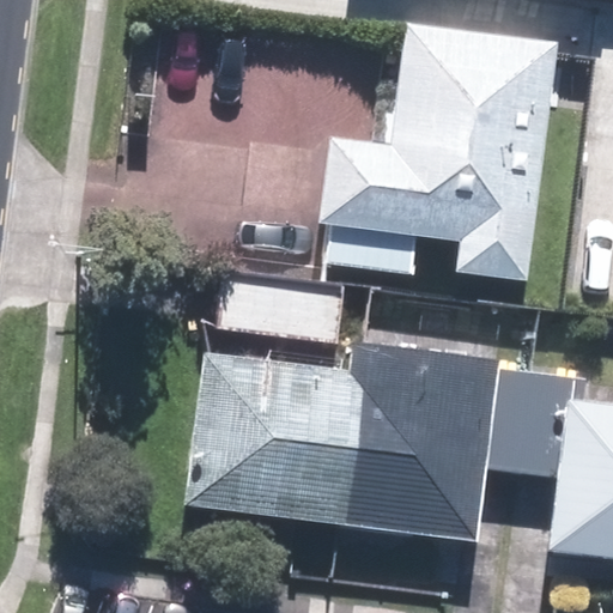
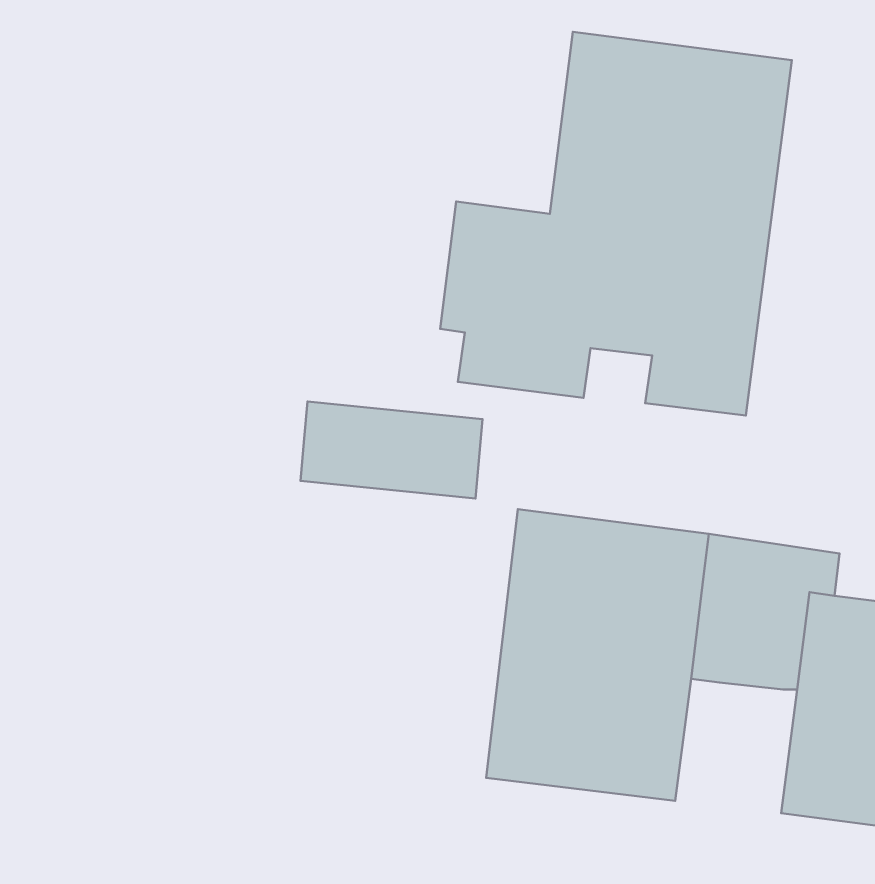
building: [183,342,370,527] -> none

